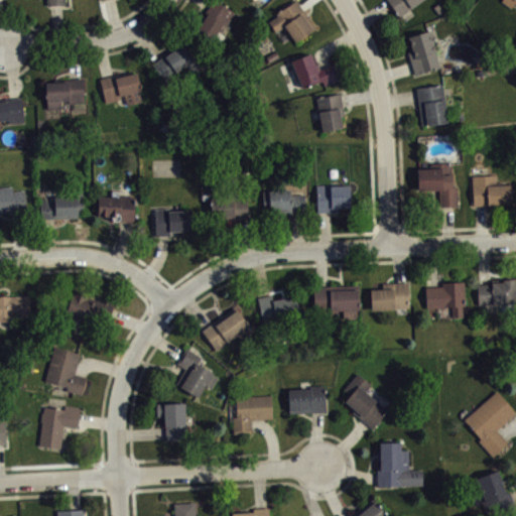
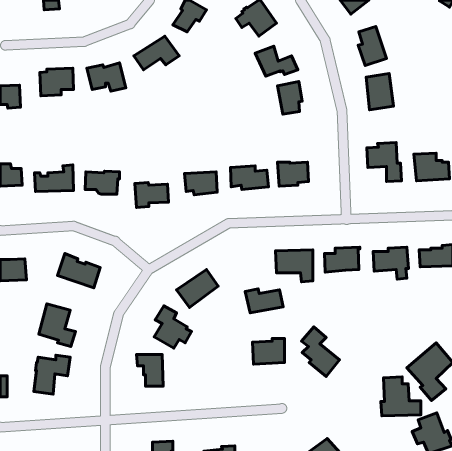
building: [257,296,300,324] -> [245,289,283,313]
building: [233,396,272,435] -> none
building: [377,443,422,488] -> [381,377,421,416]

